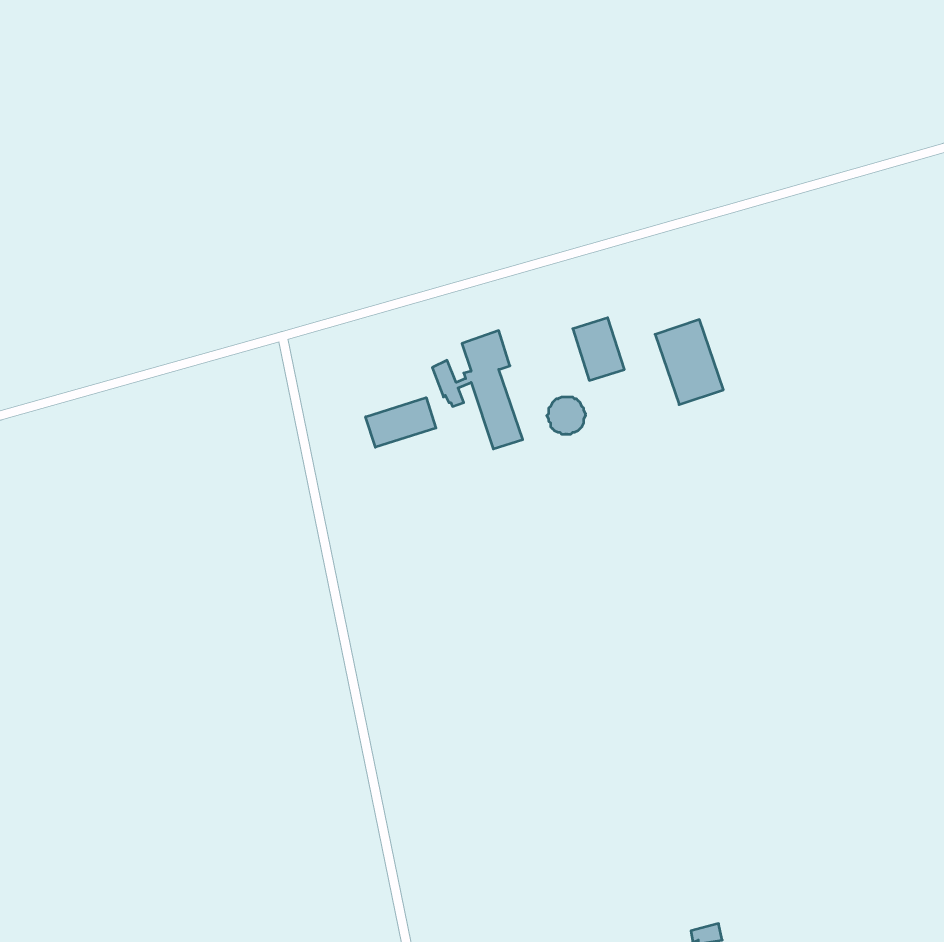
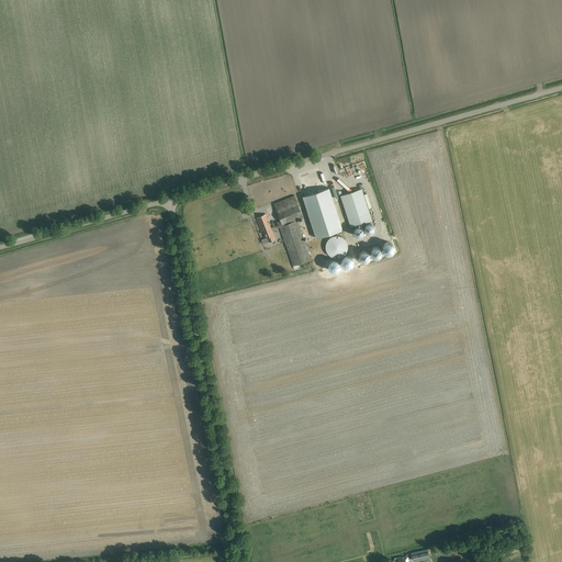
building: [655,320,723,405] -> [302,188,342,238]
building: [366,398,436,447] -> none

